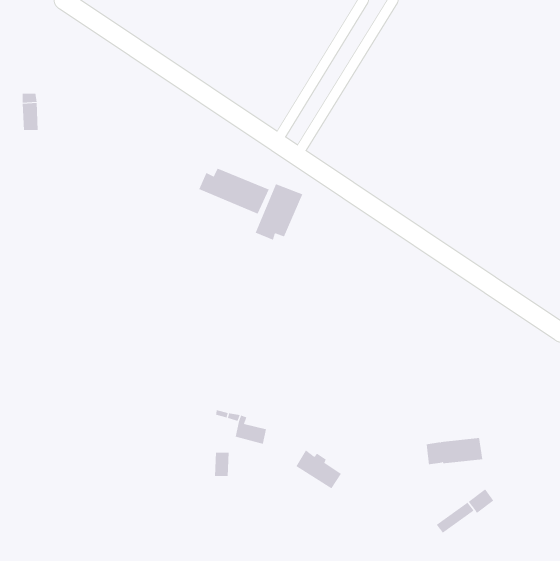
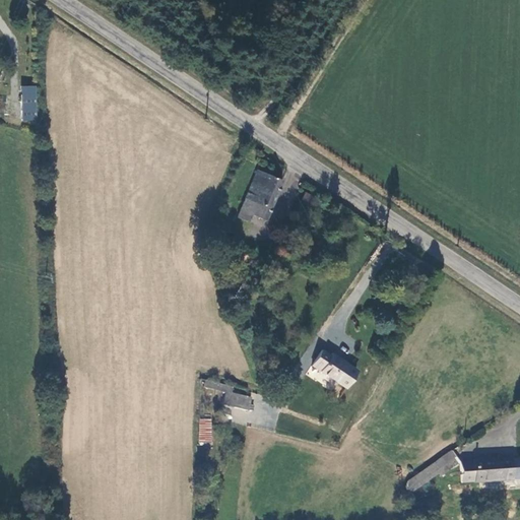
building: [199,168,269,214] -> none
building: [426,437,483,465] -> [460,461,513,486]
building: [296,450,342,489] -> [316,349,359,386]

